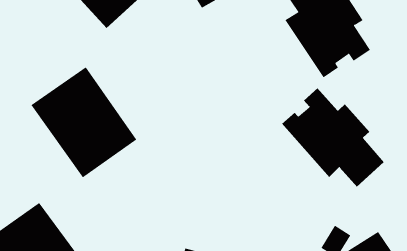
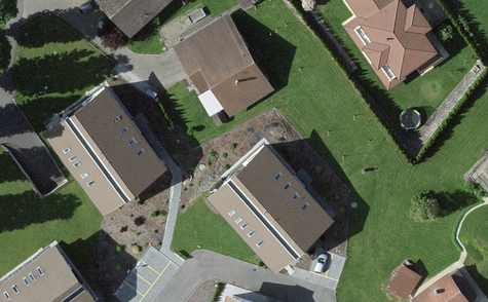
building: none -> [172,16,268,116]
building: [281,88,385,187] -> none
building: none -> [208,140,335,268]

